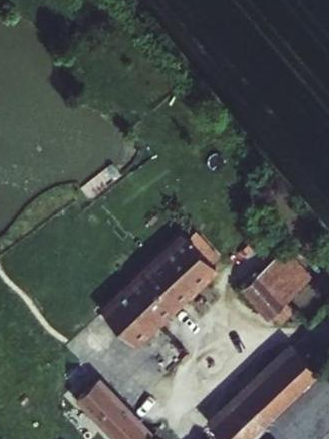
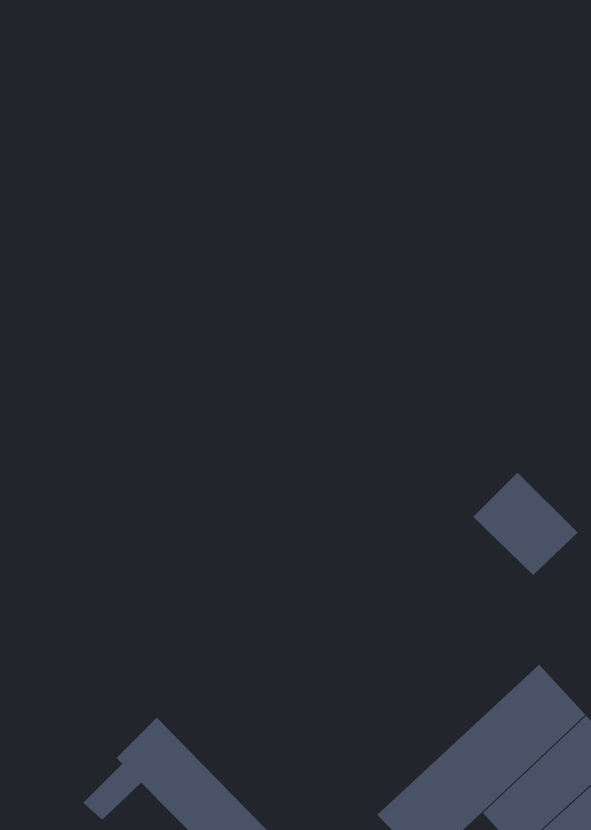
building: [104,243,212,348] -> none
building: [241,276,289,323] -> none

